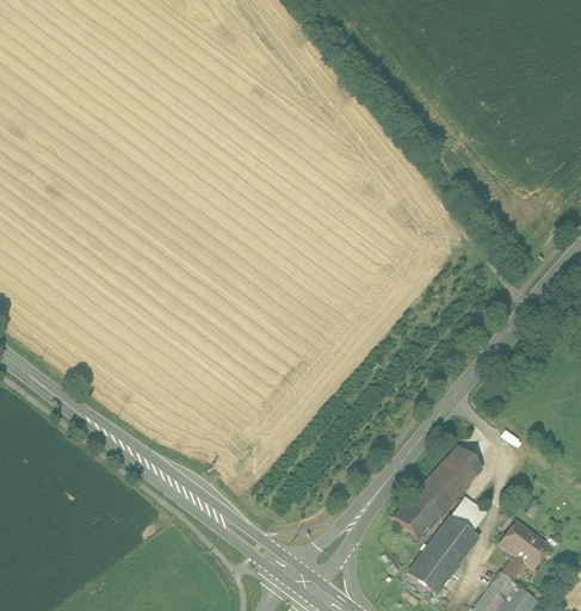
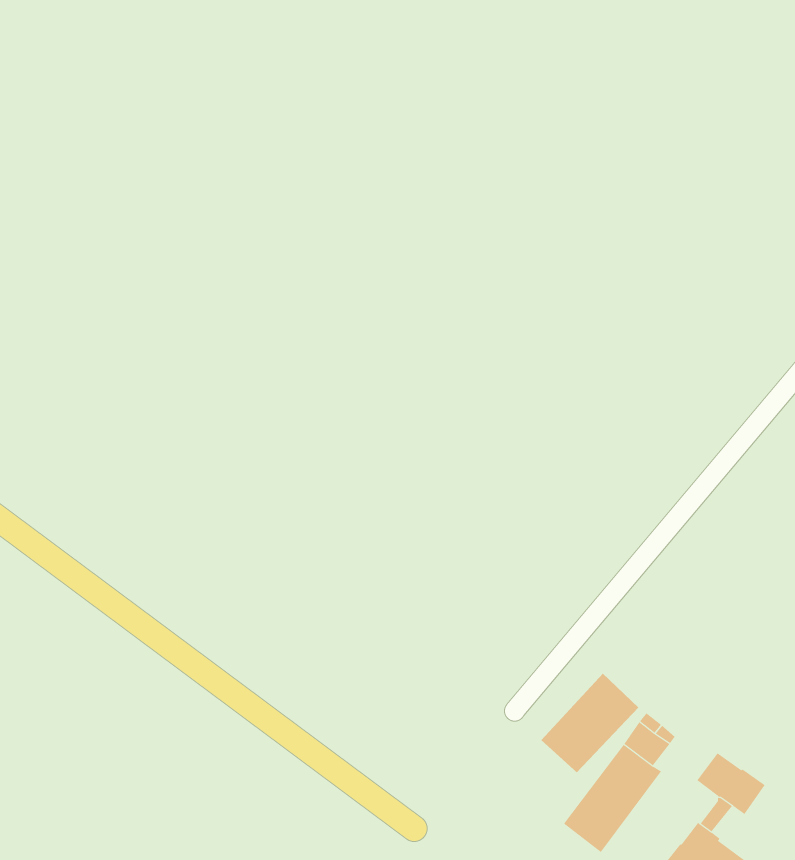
building: [437,445,483,493] -> none

